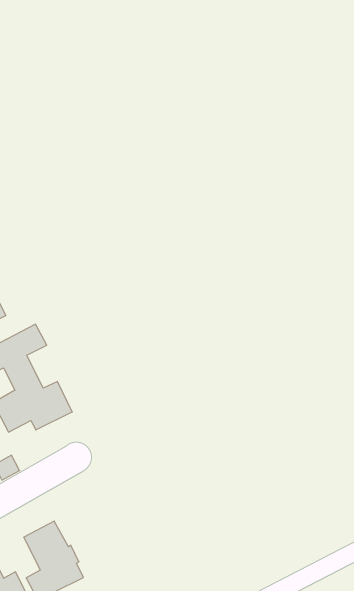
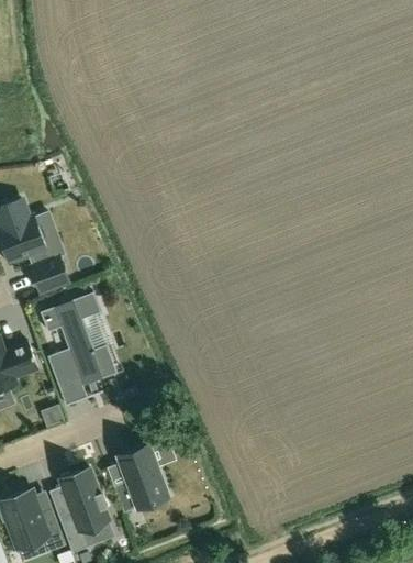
building: none -> [113,446,168,512]

